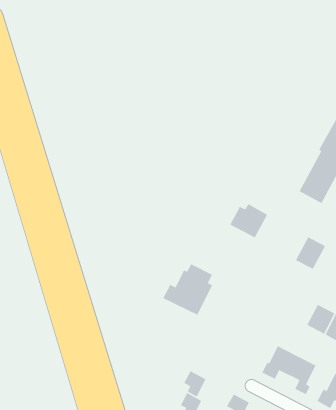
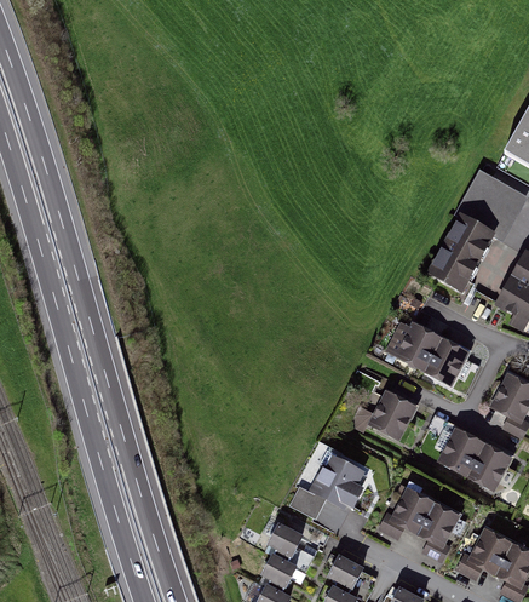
building: [229,203,268,239] -> [389,320,443,369]
building: [162,263,213,316] -> [287,455,358,529]
building: none -> [358,390,415,438]

